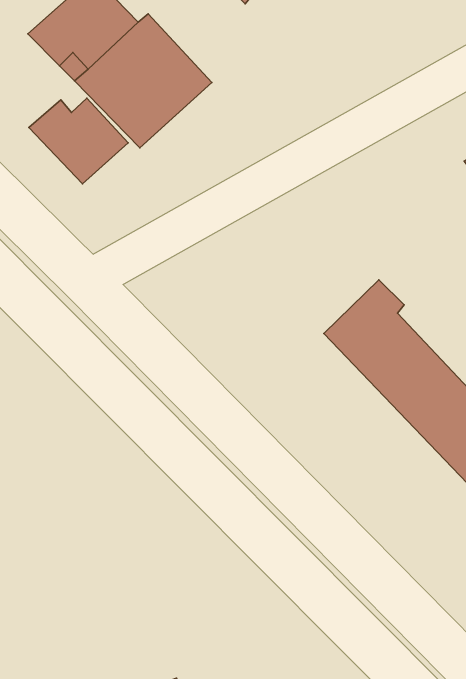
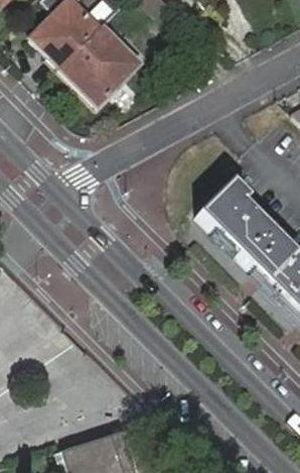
building: [29,98,128,184] -> none

